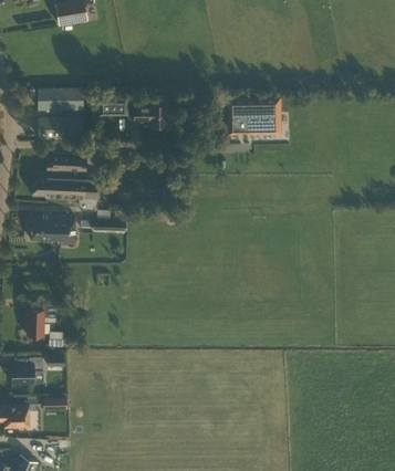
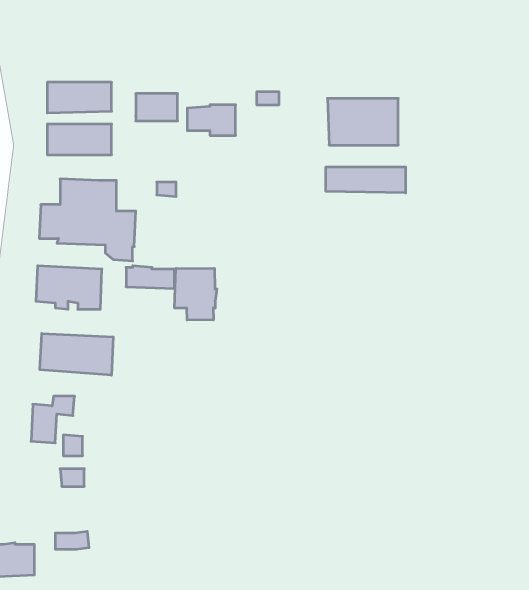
building: none -> [326,167,406,193]
building: none -> [175,268,217,320]
building: none -> [40,333,113,375]
building: [11,358,43,384] -> none

